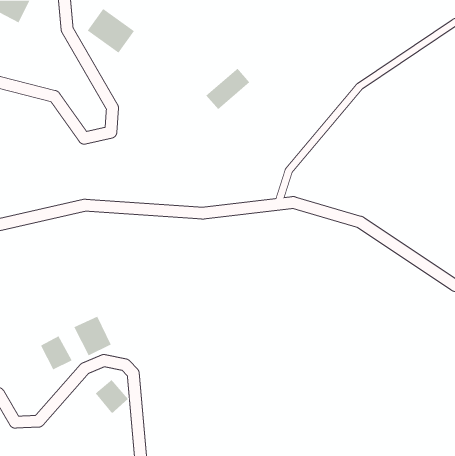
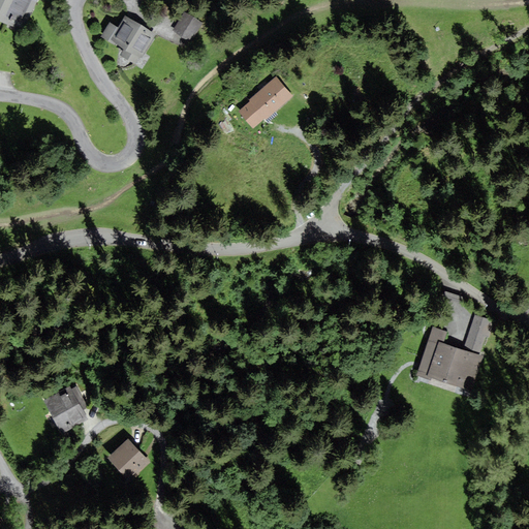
building: none -> [172,11,200,41]
building: none -> [417,315,490,388]
building: [73,316,111,356] -> none

